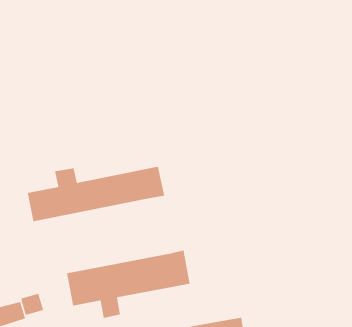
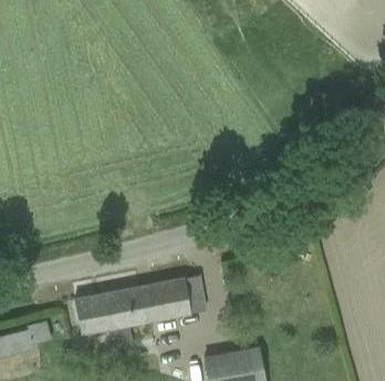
building: [27,166,165,222] -> none

